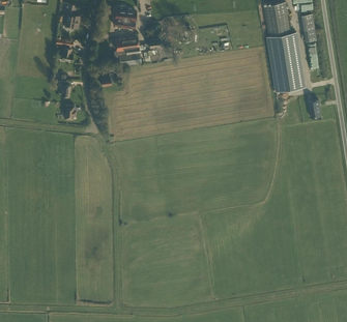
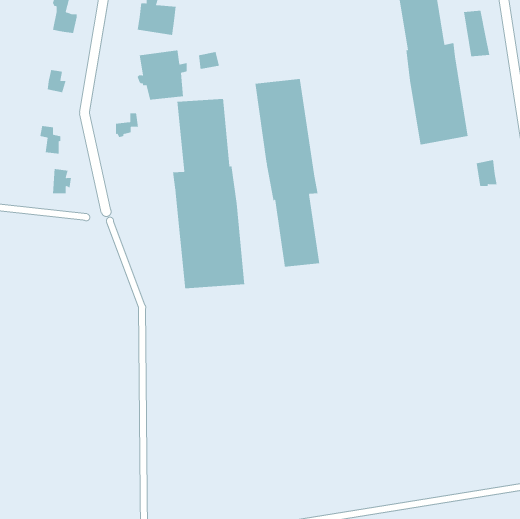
building: none -> [255,78,320,267]
building: none -> [173,98,245,289]

